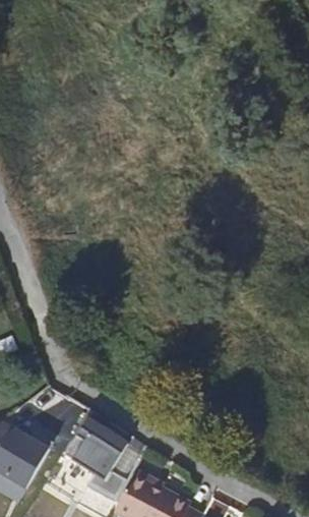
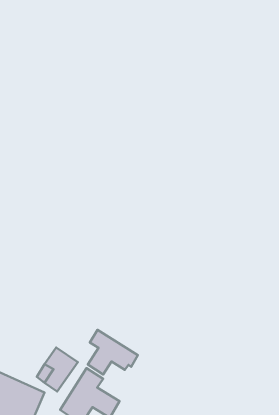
building: none -> [88,330,138,375]

